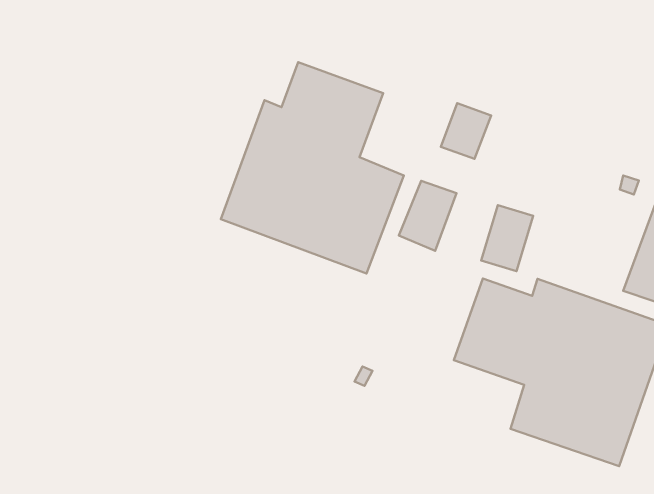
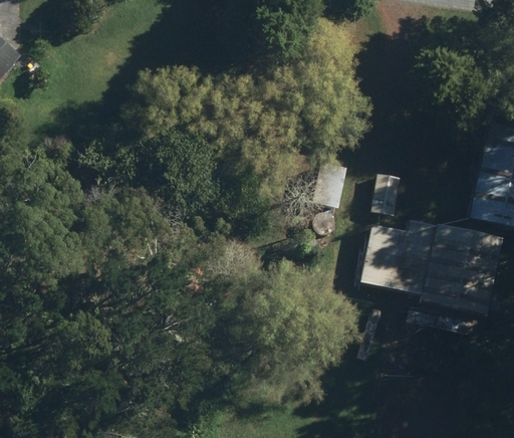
building: [221,62,404,273] -> none

